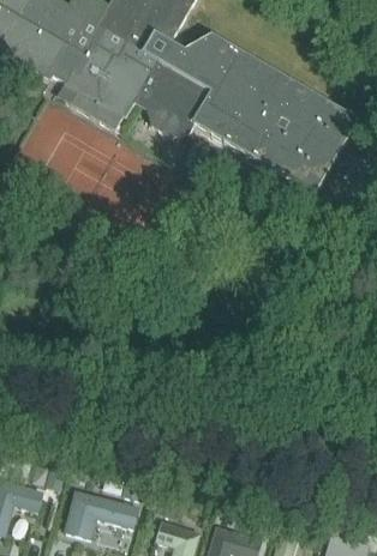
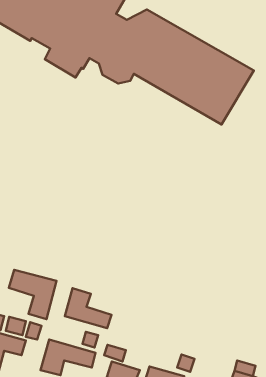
building: none -> [9,270,57,319]
building: none -> [65,288,112,328]

